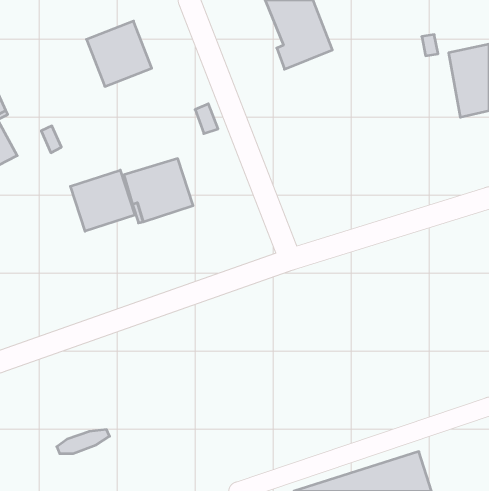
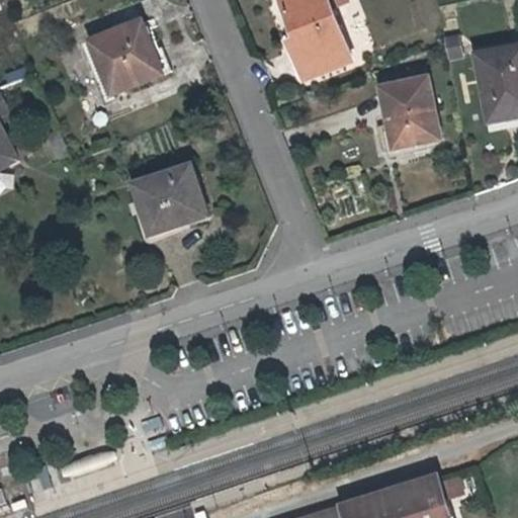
building: none -> [378,81,435,147]
building: [70,170,135,231] -> none

